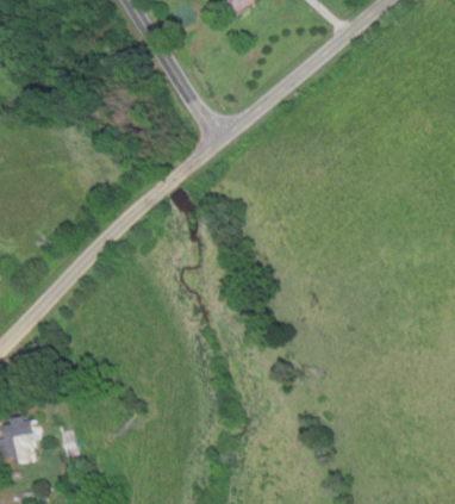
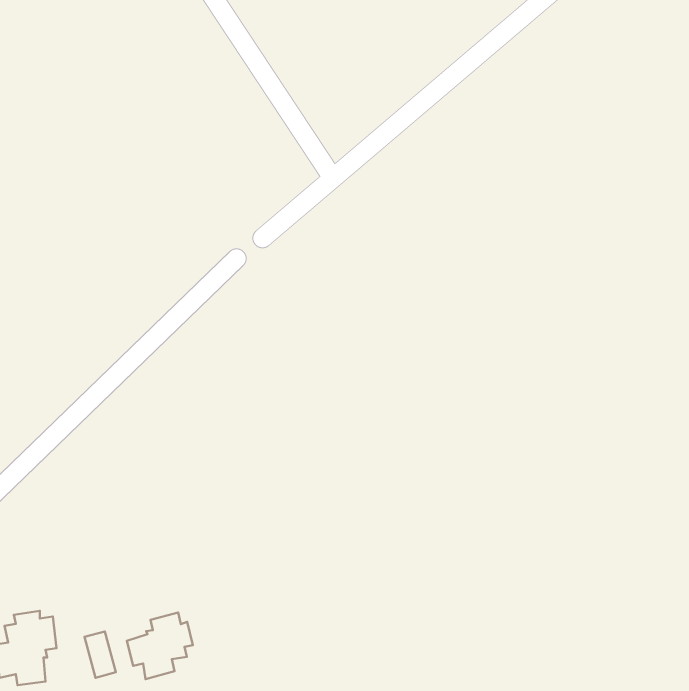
building: none -> [127,612,193,679]

